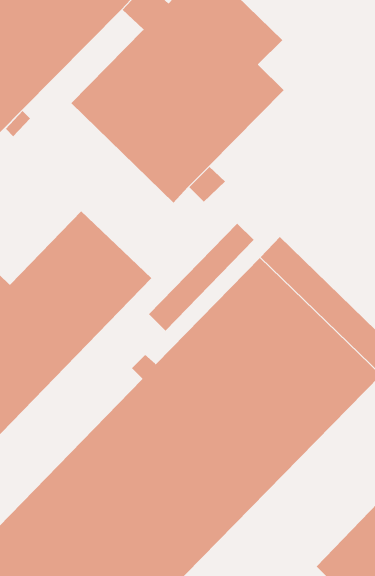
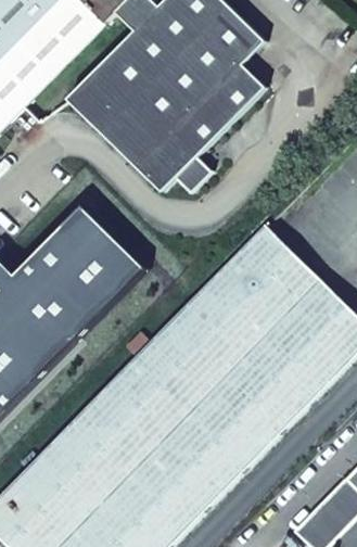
building: [148,223,255,331] -> none

